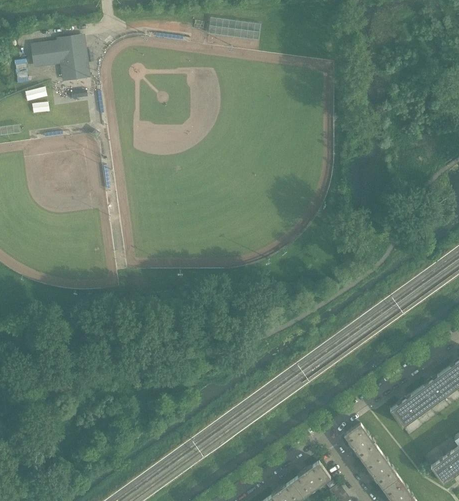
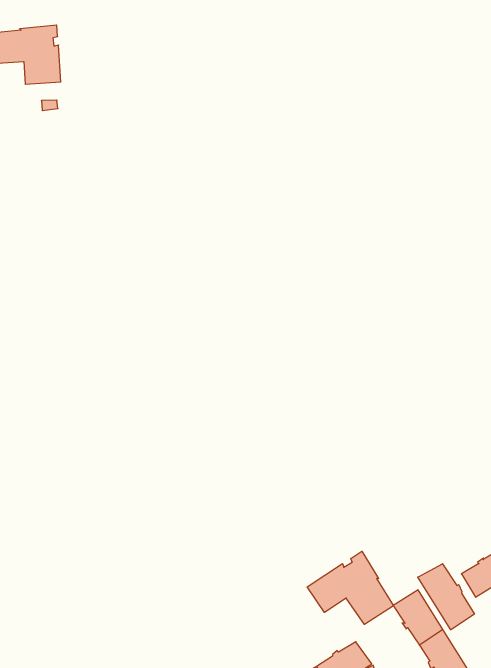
building: none -> [307,551,393,624]
building: none -> [418,564,474,630]

